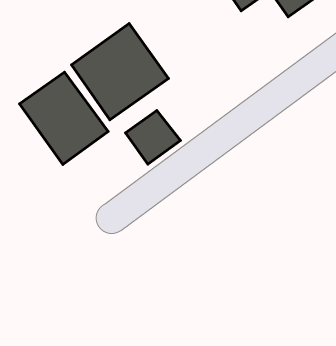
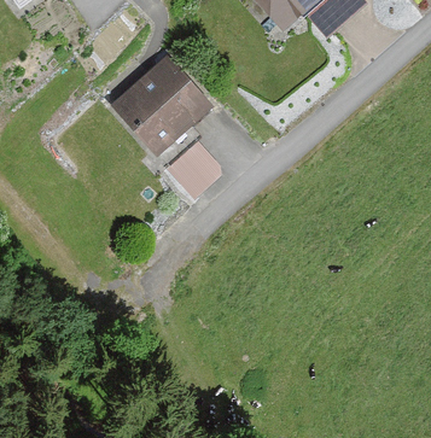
building: [19,72,108,164] -> none

